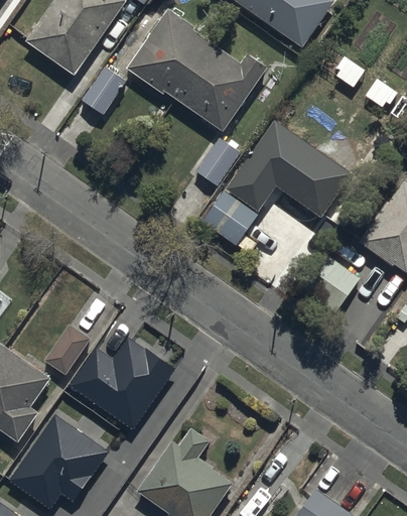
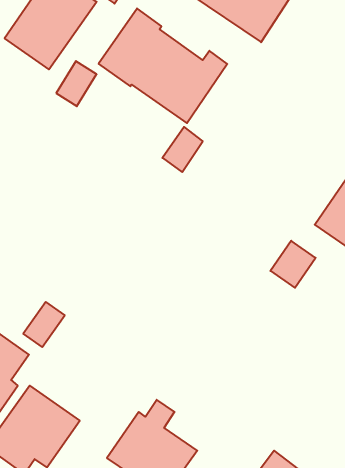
building: [201,123,351,247] -> none
building: [66,337,173,429] -> none

